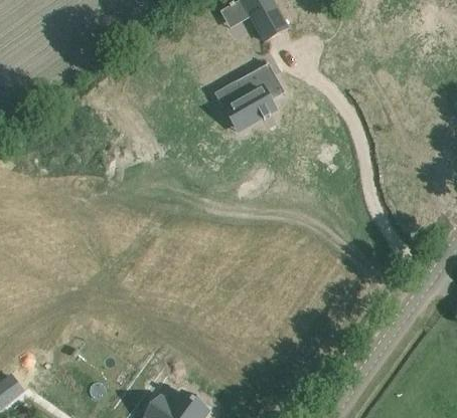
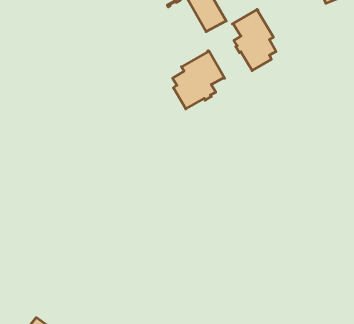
building: none -> [232,9,276,71]

